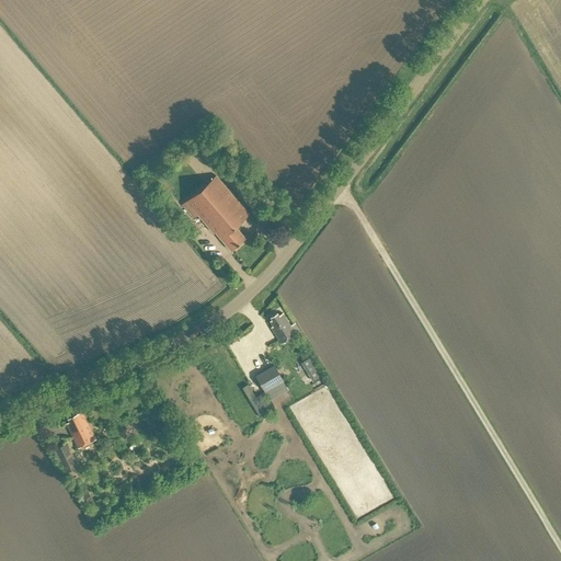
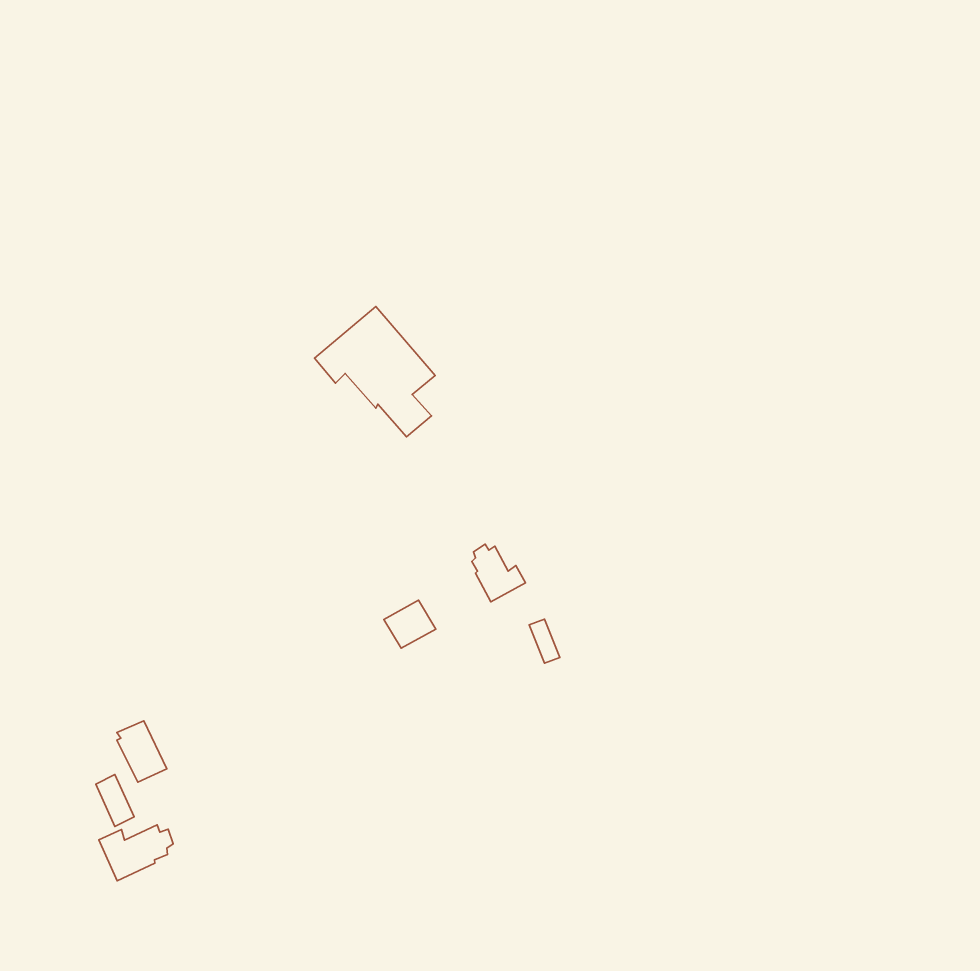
building: [254,365,284,392] -> [384,600,436,648]
building: none -> [99,825,173,881]

